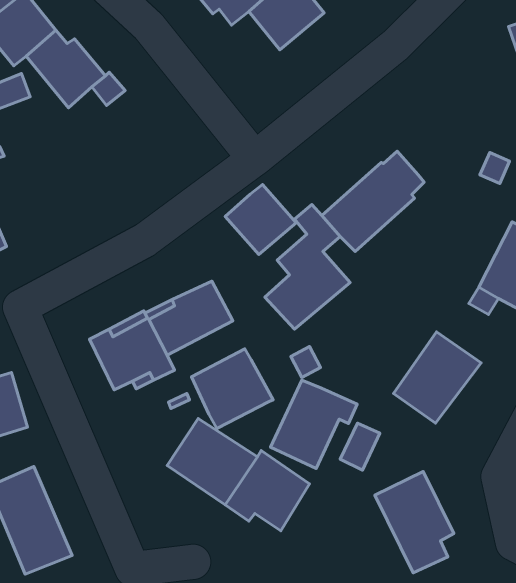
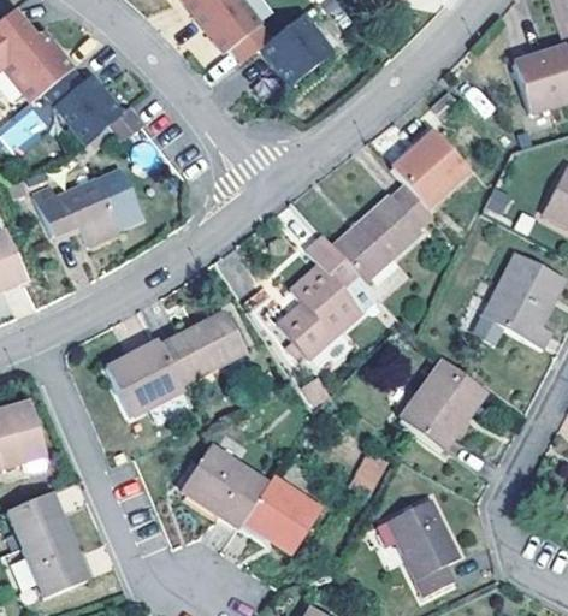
building: none -> [390,131,467,207]
building: none -> [31,167,140,244]
building: [225,185,296,255] -> none
building: [192,349,273,429] -> none
building: [270,380,357,469] -> none

